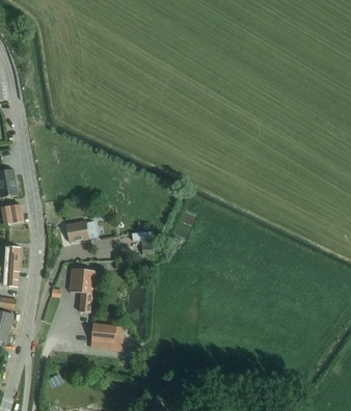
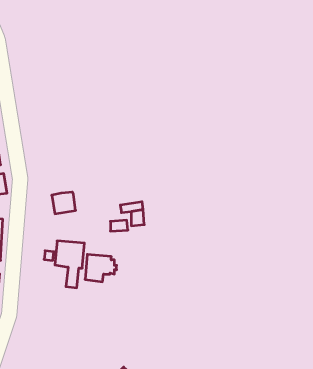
building: [90,323,120,349] -> [85,254,117,282]

